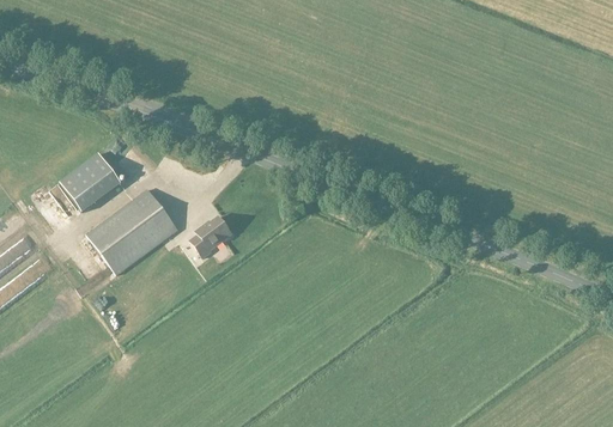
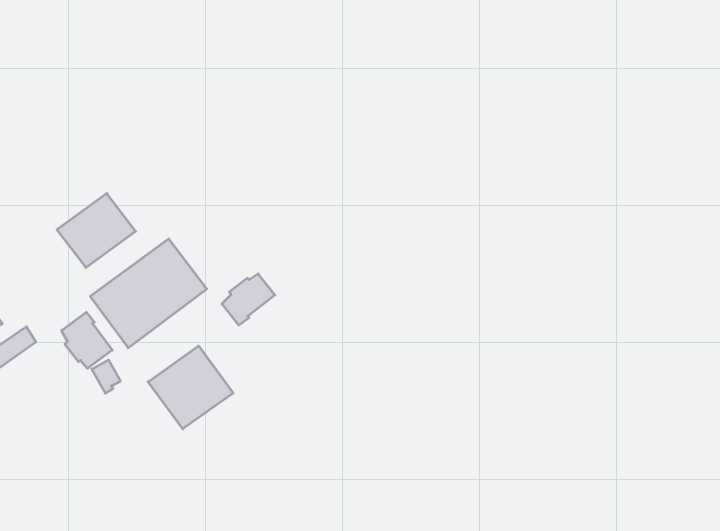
building: none -> [62,312,112,368]
building: none -> [148,346,233,429]

